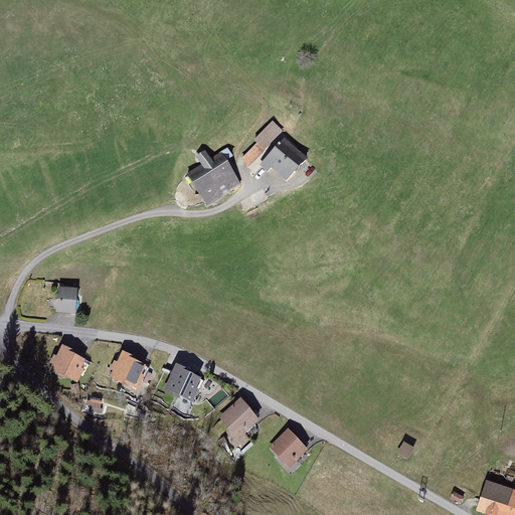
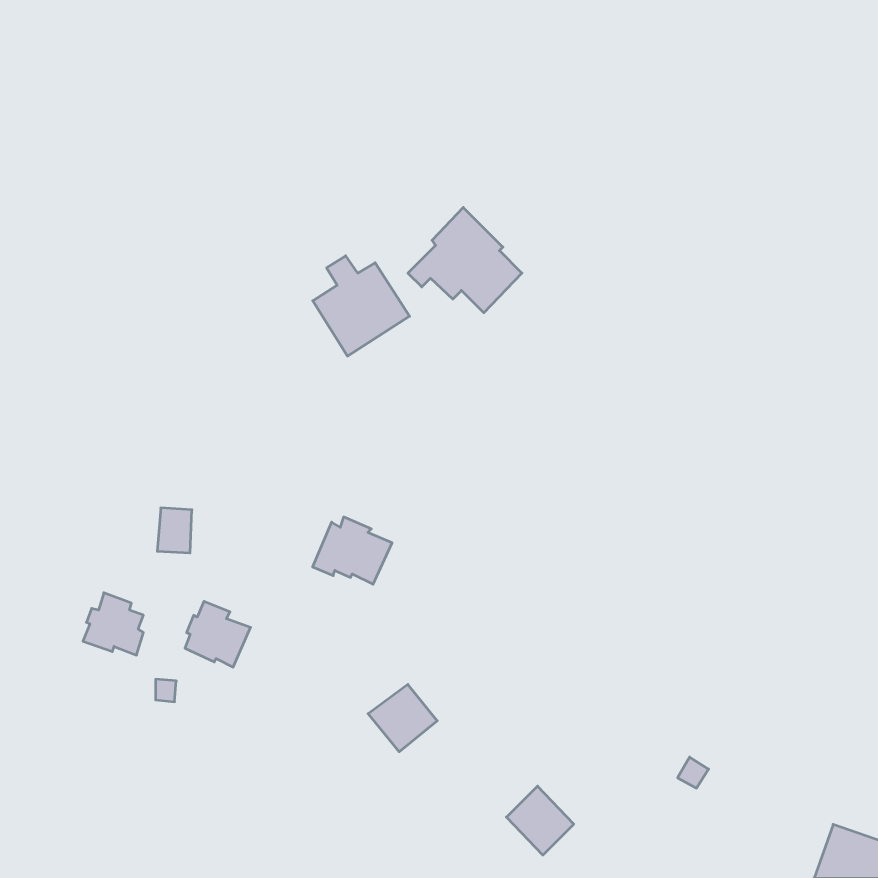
building: [58,287,78,313] -> [157,508,192,553]
building: [158,363,204,402] -> [313,517,392,584]
building: [270,427,309,468] -> [506,786,574,855]

